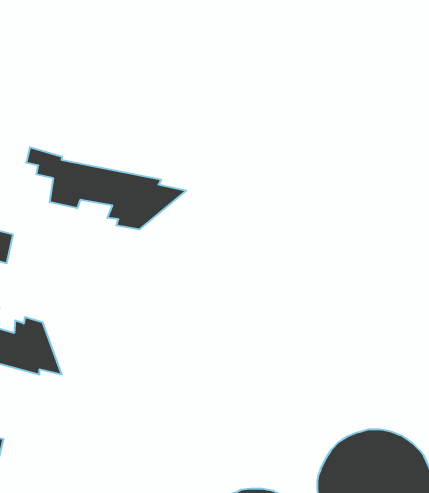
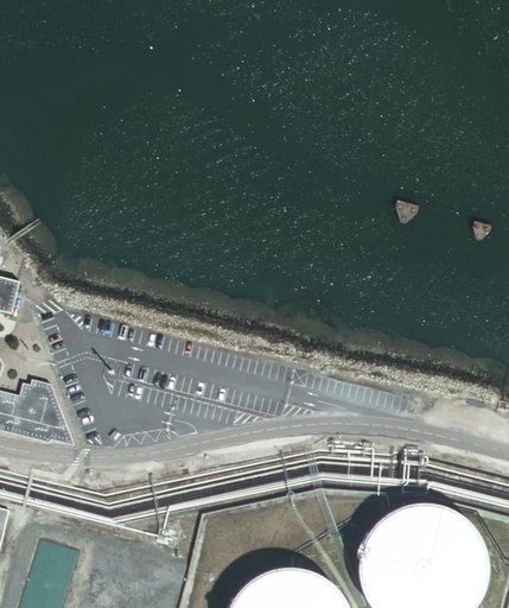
building: [26,147,186,229] -> none

